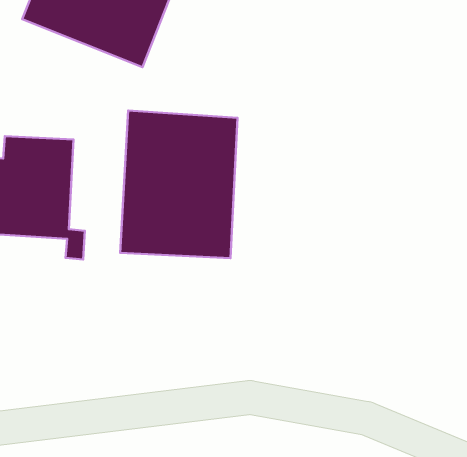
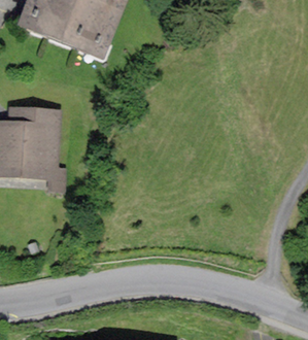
building: [120,111,238,258] -> none

